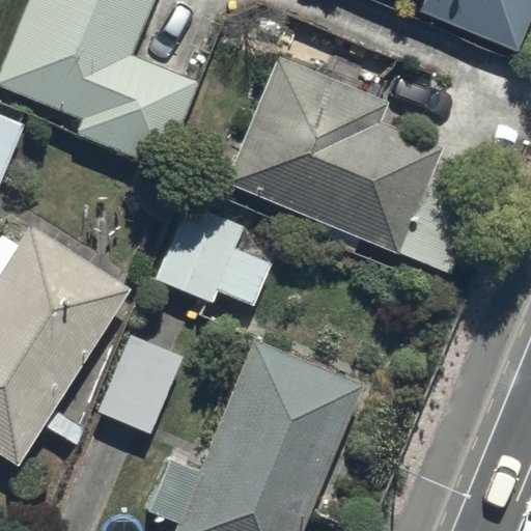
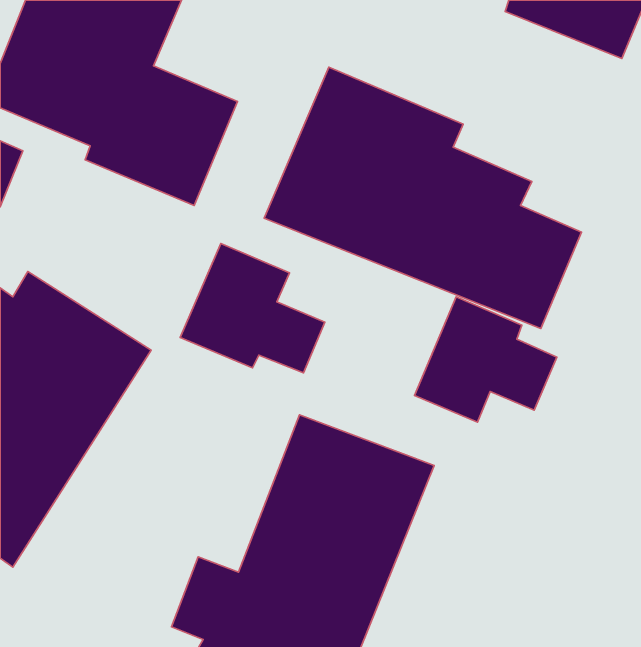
building: none -> [415,297,557,422]
building: [92,325,188,440] -> none

